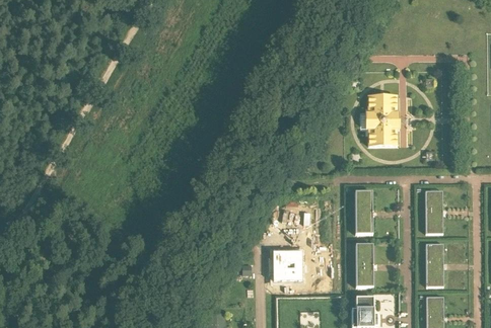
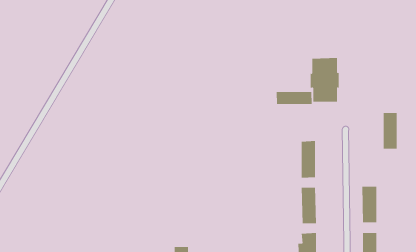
building: none -> [276,91,312,105]
building: [425,191,442,234] -> [383,112,398,149]
building: [271,251,300,281] -> none

